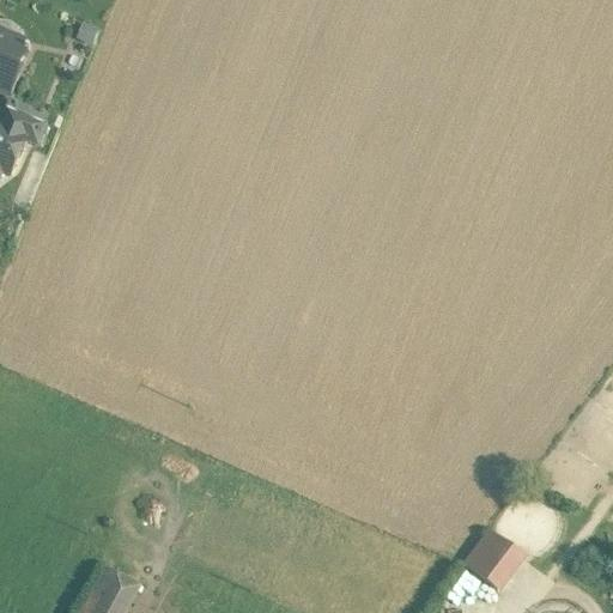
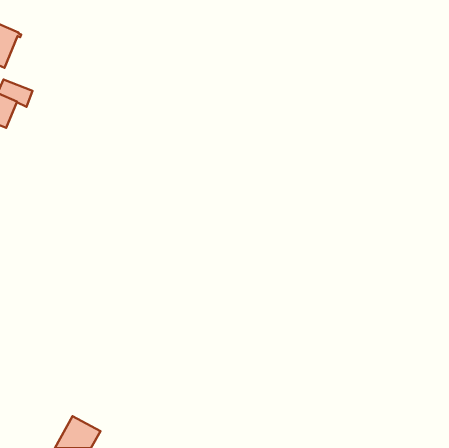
building: [460,527,524,590] -> none

